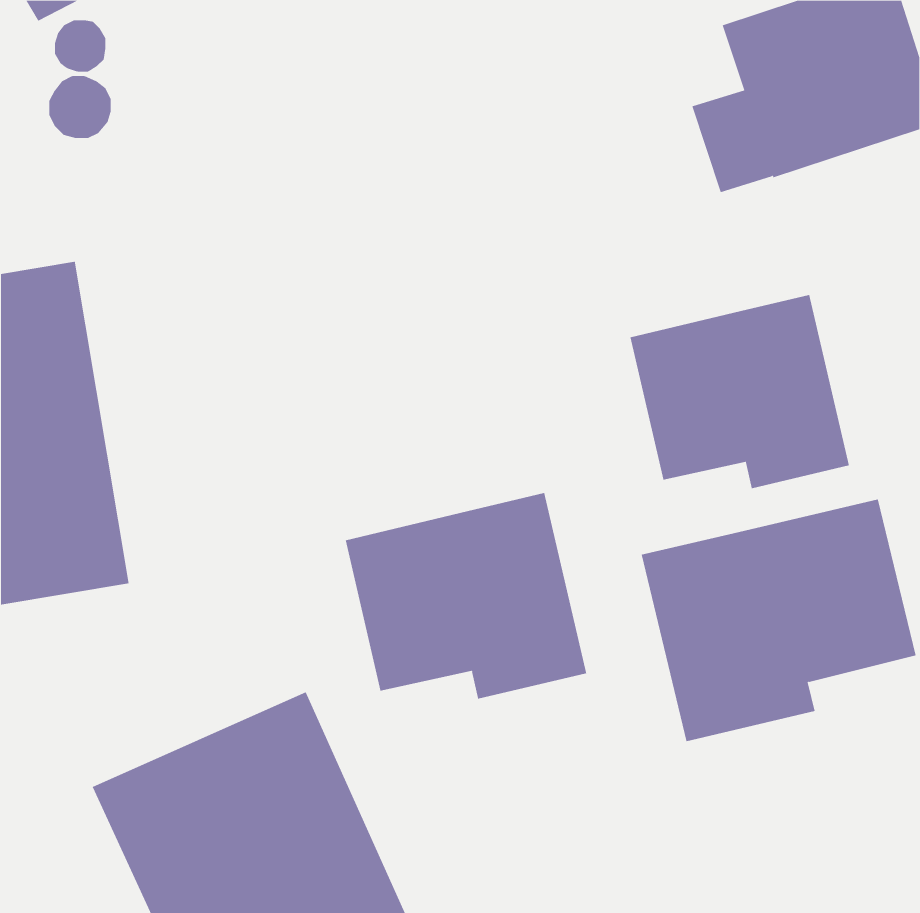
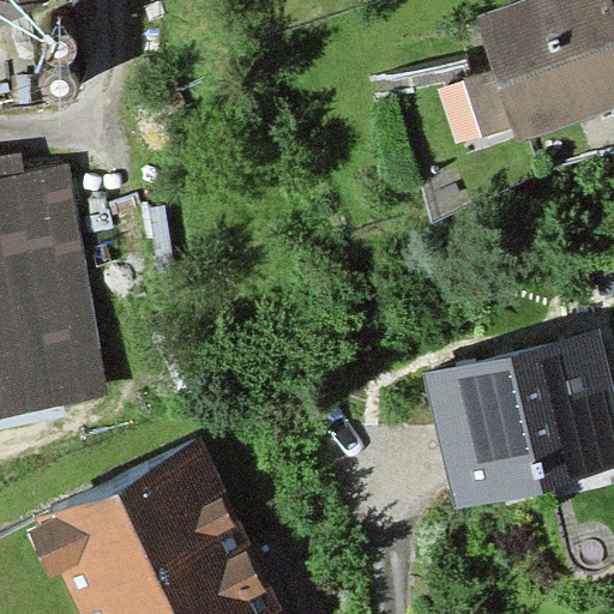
building: [630,294,849,489] -> none
building: [345,492,587,699] -> none

